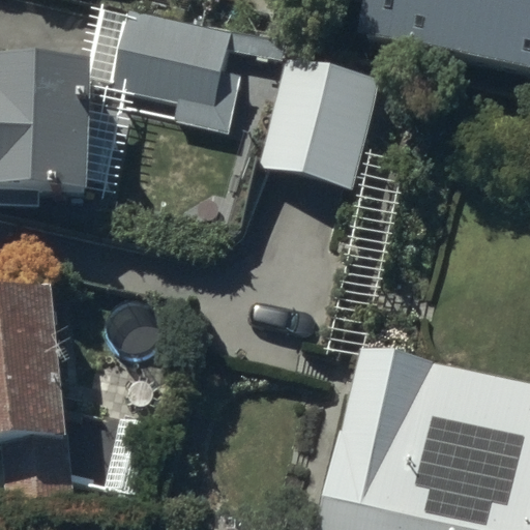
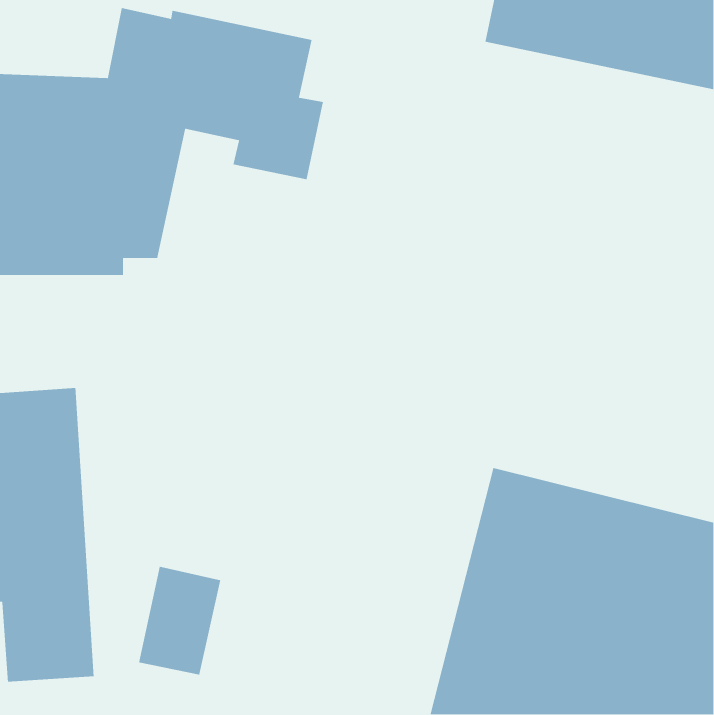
building: [258,54,381,187] -> none

